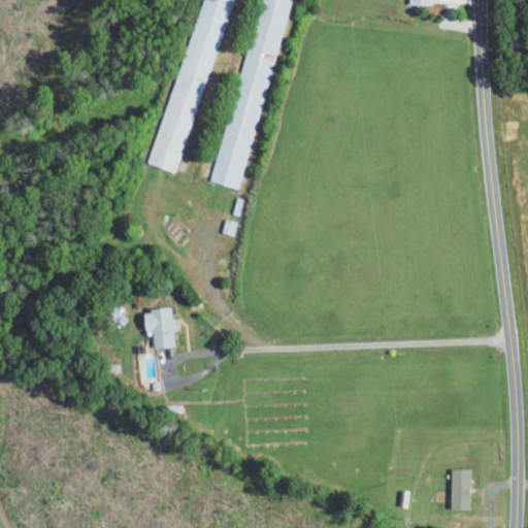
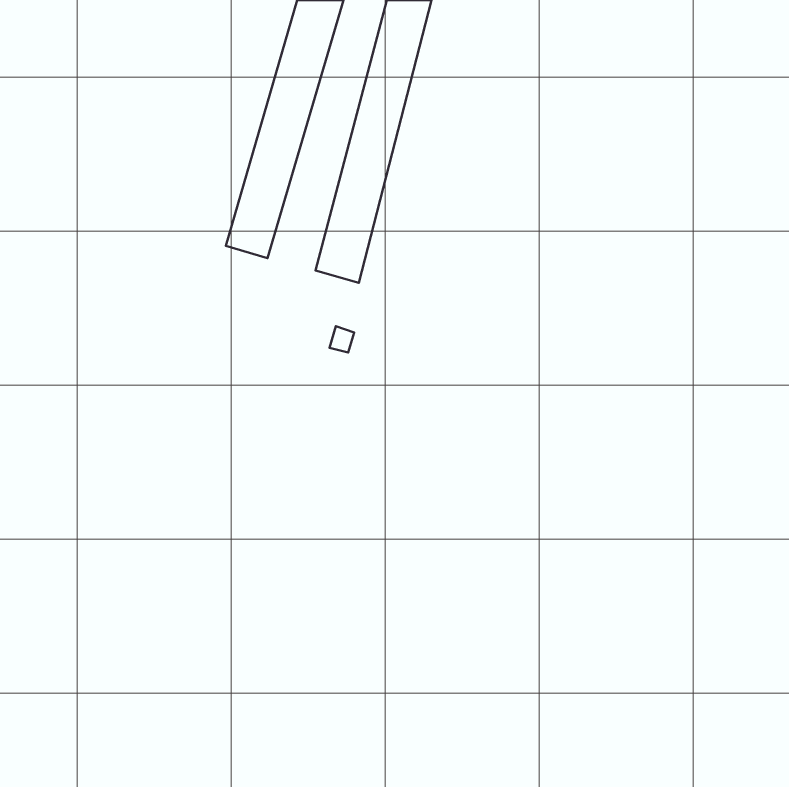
building: [142,309,175,349] -> none
building: [450,470,468,510] -> none

